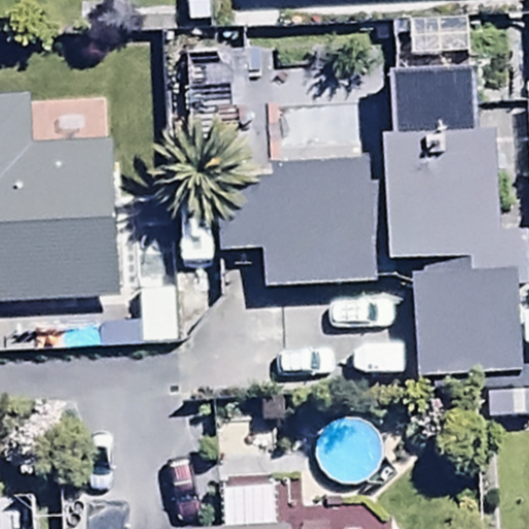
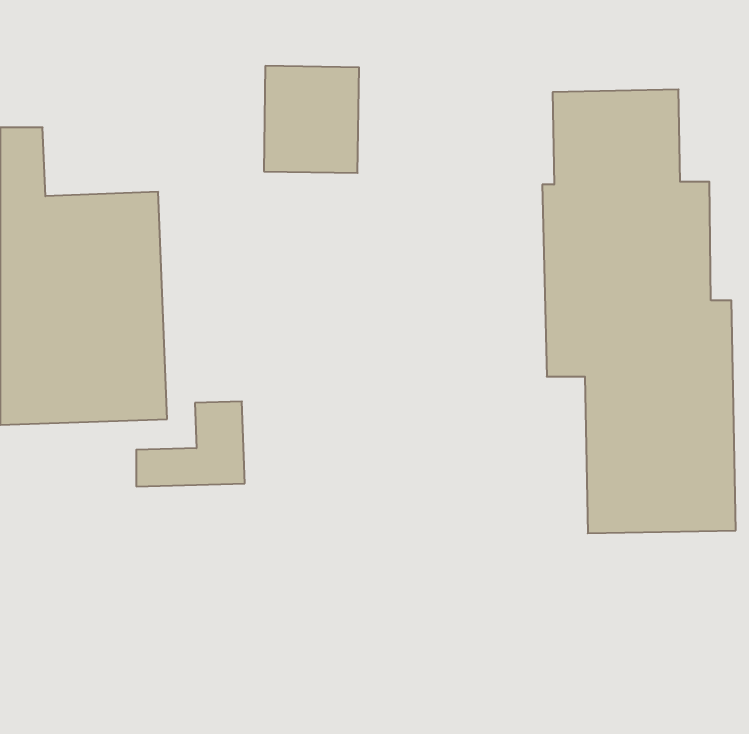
building: [218,158,378,289] -> none

